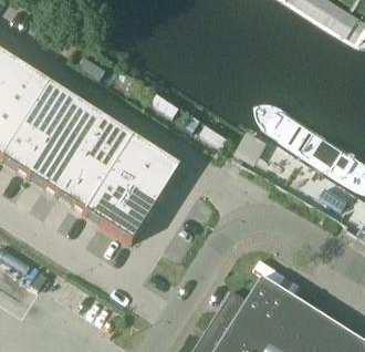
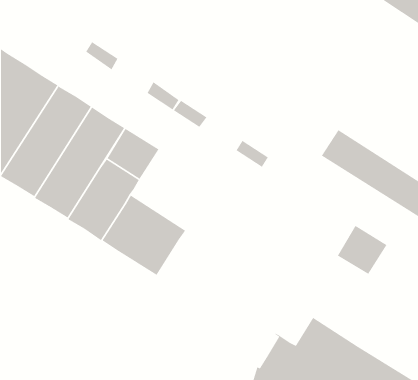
building: [111,138,180,206] -> none
building: none -> [337,225,387,275]

